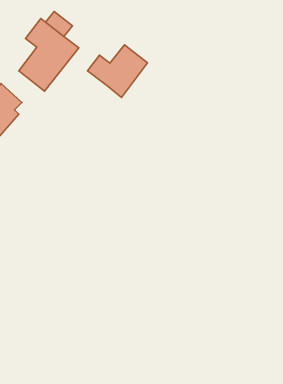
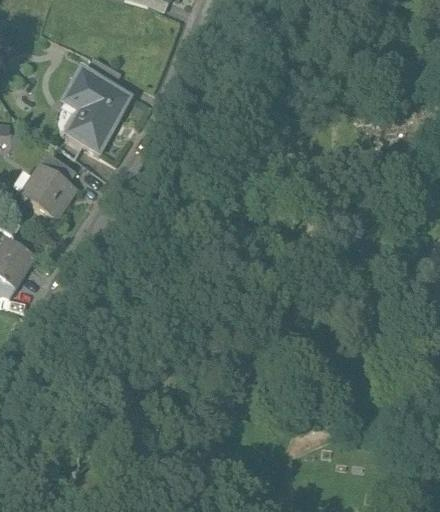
building: [88,45,148,97] -> none

